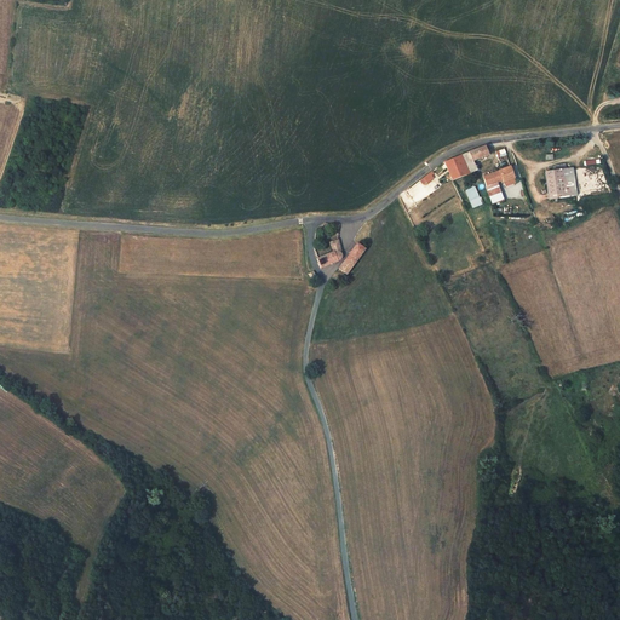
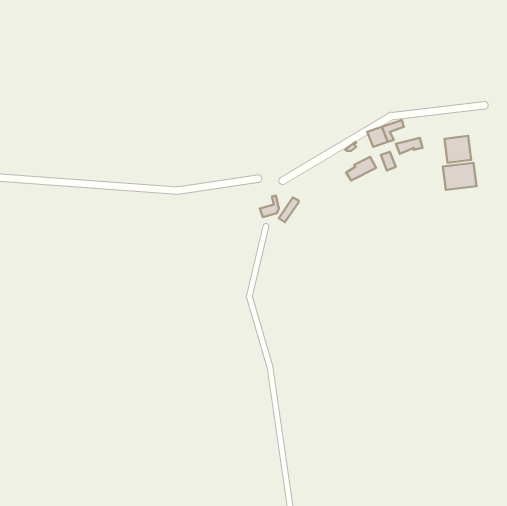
building: none -> [443,163,477,190]

